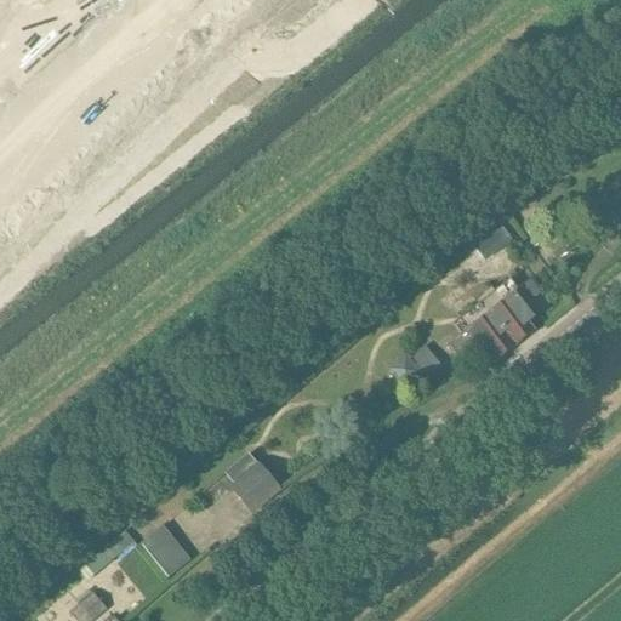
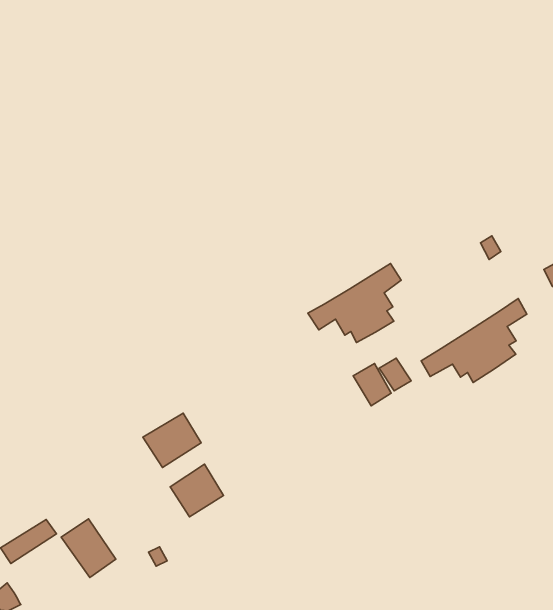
building: none -> [308,264,401,343]
building: none -> [143,413,201,467]

